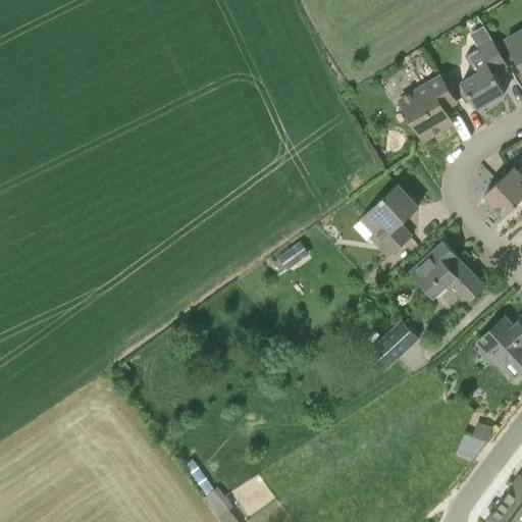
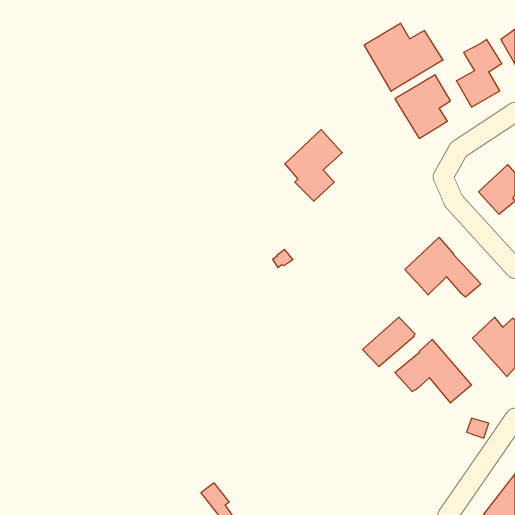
building: none -> [364,23,443,91]
building: [360,185,418,257] -> [285,130,342,201]
building: none -> [395,339,471,403]

